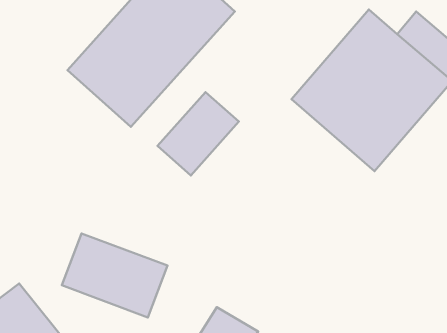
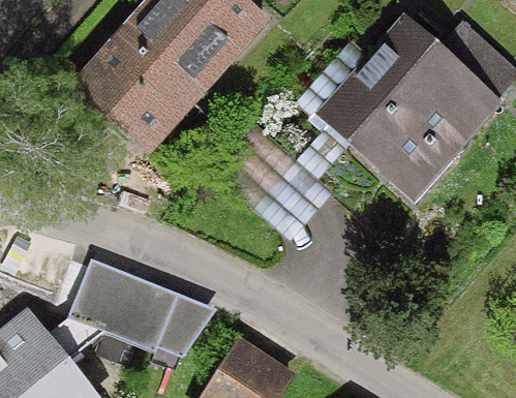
building: [157,92,239,175] -> none

